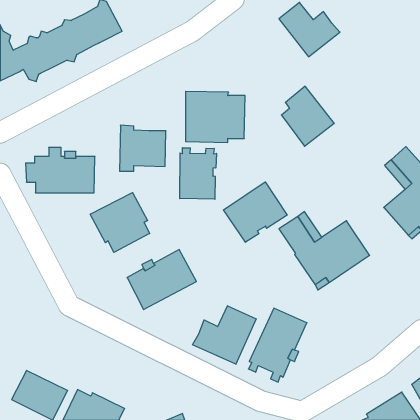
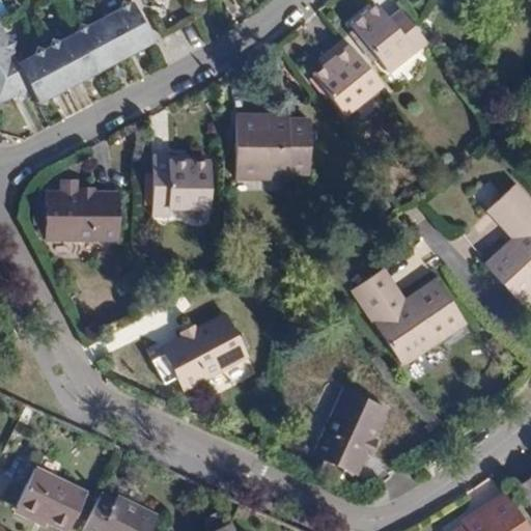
building: [281,86,334,146] -> [317,37,384,113]
building: [180,148,216,199] -> none
building: [223,182,287,242] -> none
building: [90,193,150,252] -> none
building: [193,306,256,364] -> none

